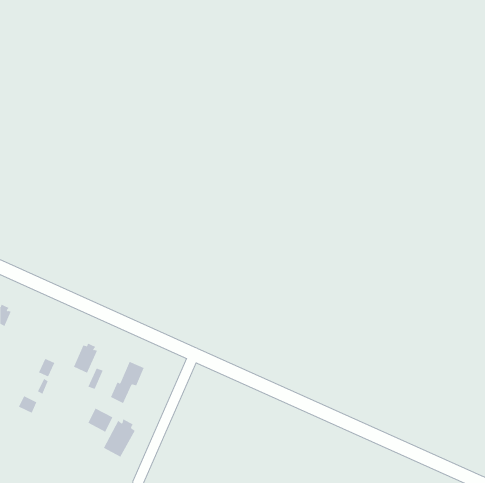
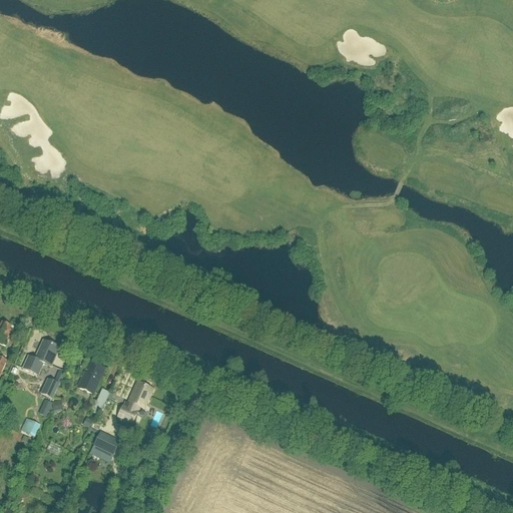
building: none -> [23,338,59,373]
building: [103,419,135,457] -> none

